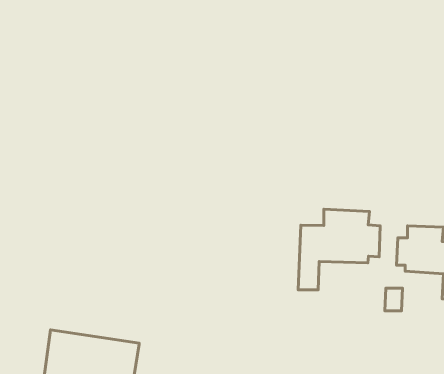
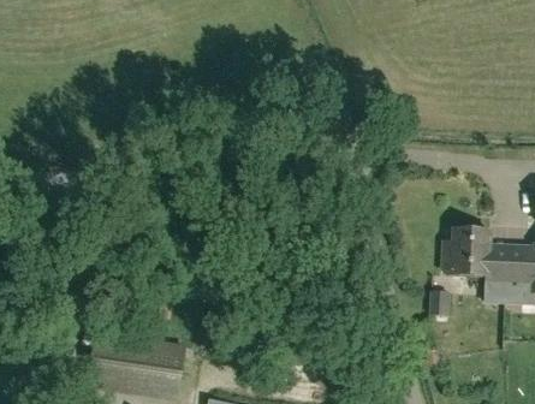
building: [298,209,380,290] -> none

